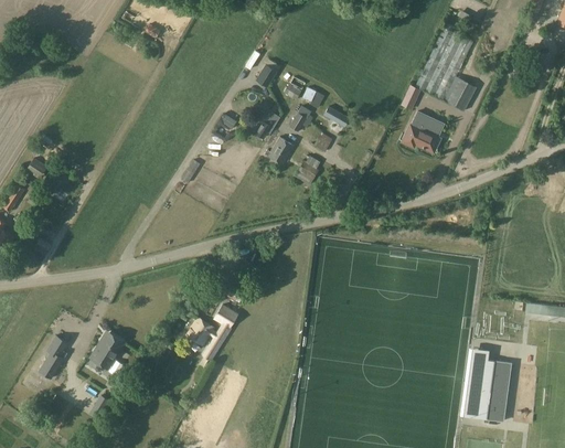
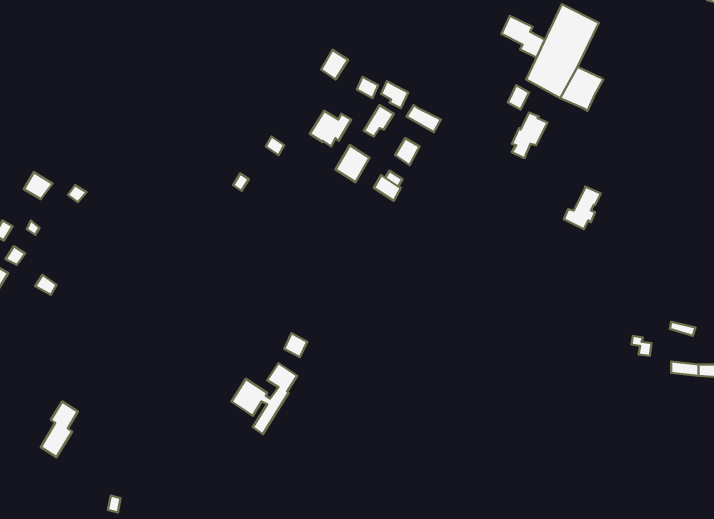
building: none -> [502,16,545,57]
building: [416,117,445,150] -> [564,186,601,229]
building: [92,332,125,367] -> none
building: [471,358,512,420] -> none

